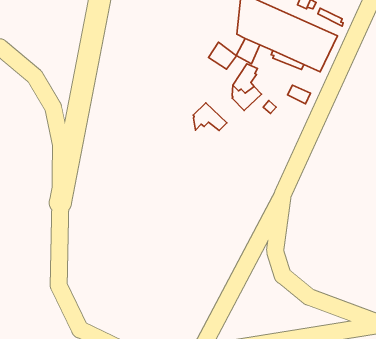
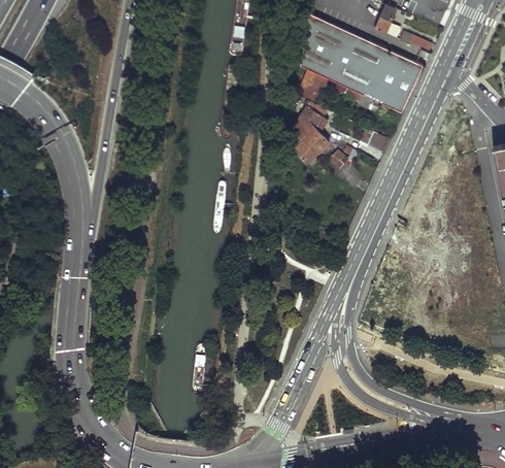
building: [209,42,236,69] -> none
building: [193,103,227,131] -> none

